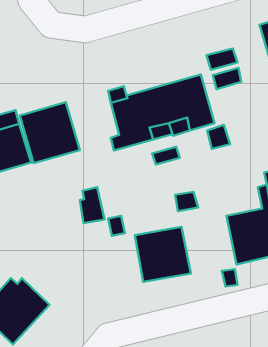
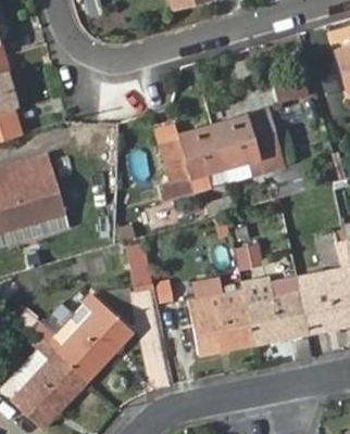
building: [20,102,80,163] -> none
building: none -> [245,277,310,345]
building: none -> [46,294,134,382]

